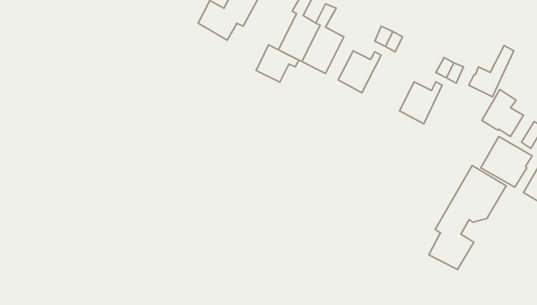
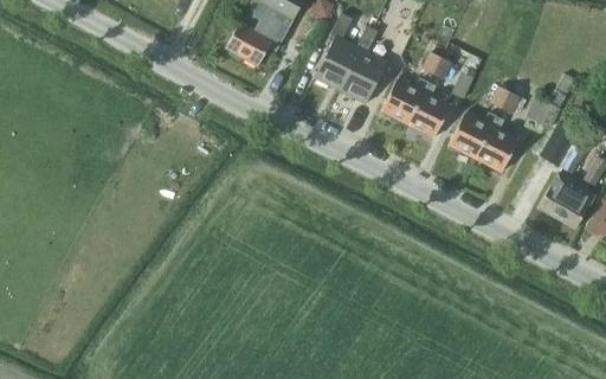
building: [256,45,299,82] -> none
building: none -> [407,82,451,136]
building: none -> [476,115,518,171]
building: [429,166,506,270] -> none

